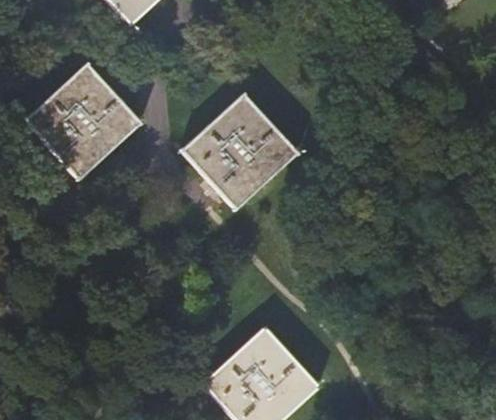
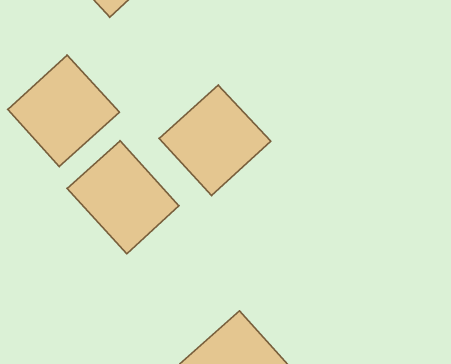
building: none -> [67,141,179,254]

